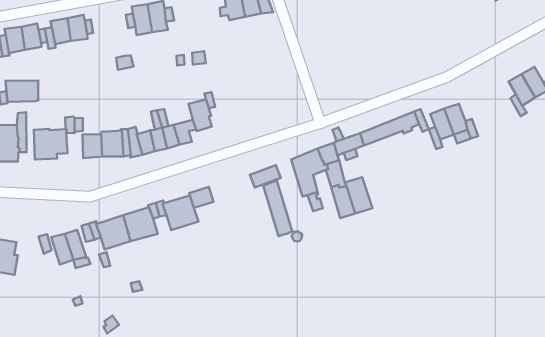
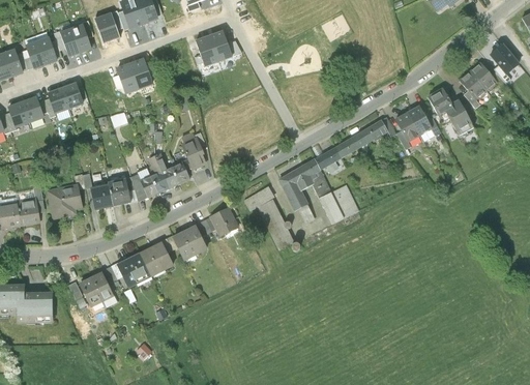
building: [6,81,38,102] -> none
building: none -> [428,88,473,135]
building: none -> [211,207,237,234]

